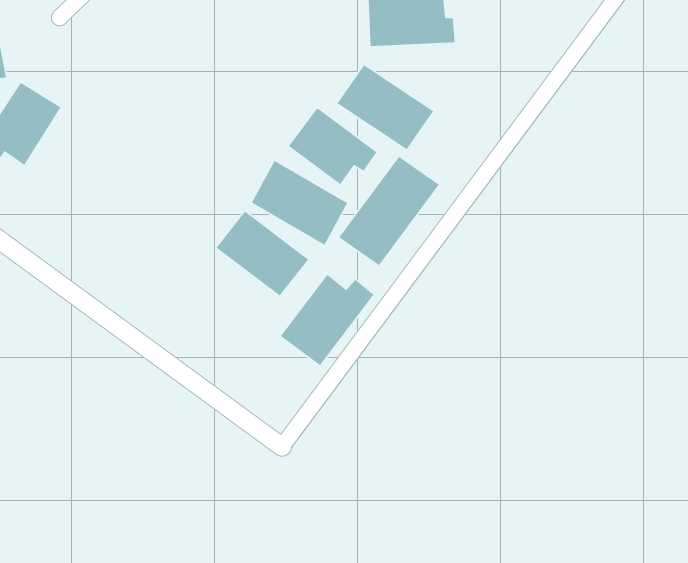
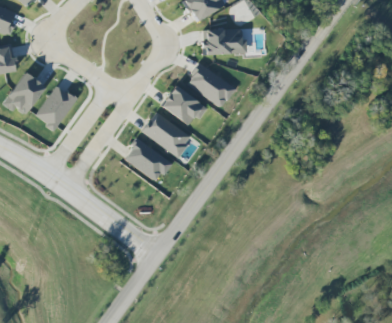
building: none -> [35,85,75,130]
building: [338,156,440,266] -> none
building: [280,274,374,366] -> none

